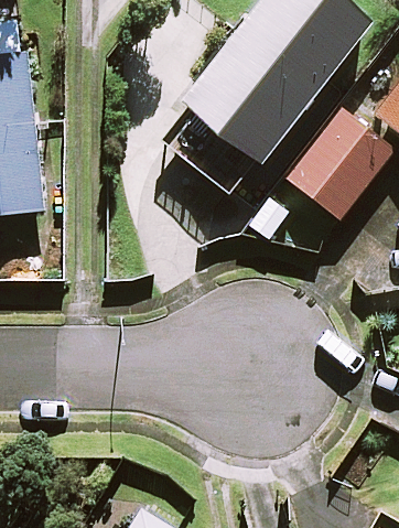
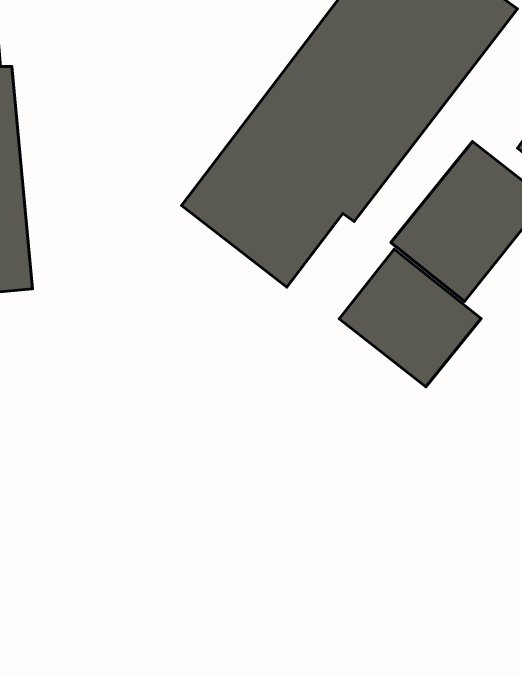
building: none -> [339,249,481,387]

